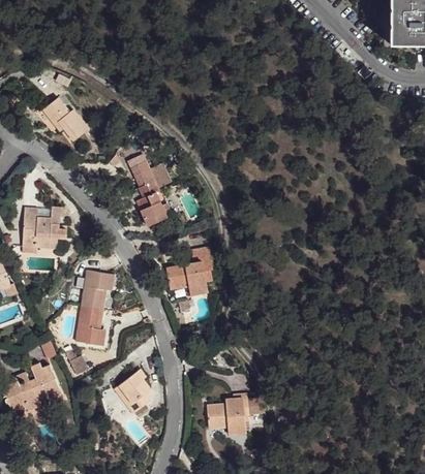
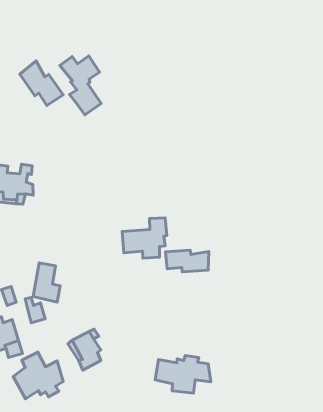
building: [116,159,162,222] -> [60,56,101,115]
building: [79,271,112,310] -> none
building: none -> [166,250,209,272]
building: none -> [13,352,63,399]

